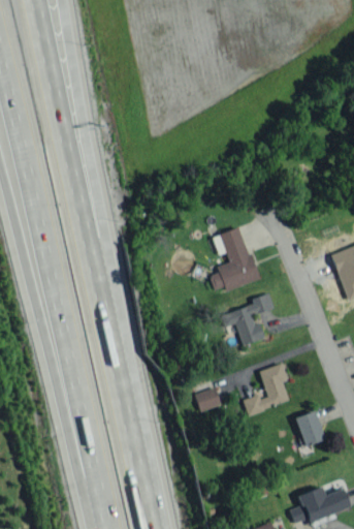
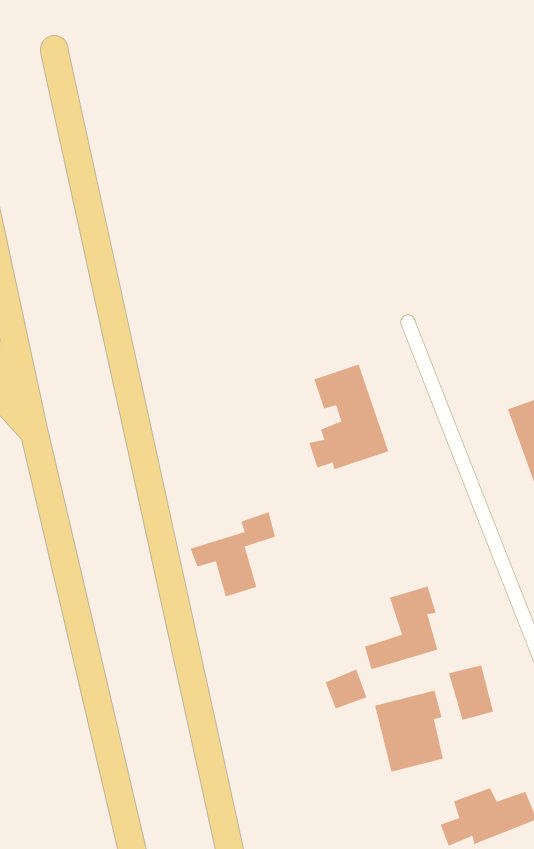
building: [221,292,273,345] -> [190,512,276,597]
building: [195,386,221,411] -> [325,669,367,709]
building: none -> [374,690,444,772]

